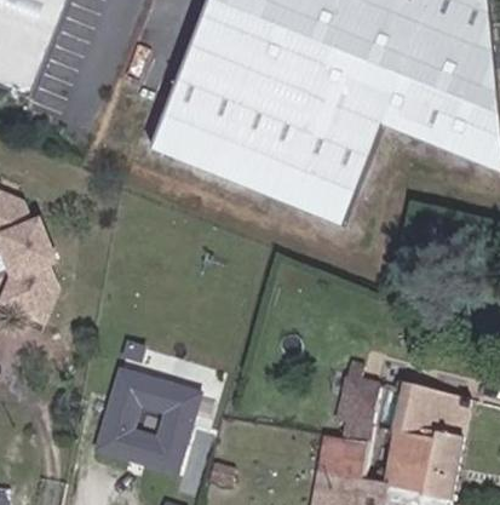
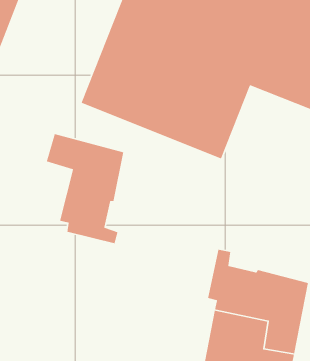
building: none -> [46,133,124,244]
building: [96,362,208,475] -> none

